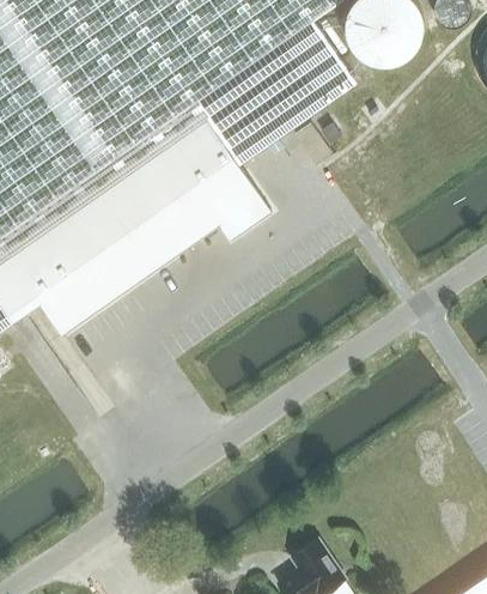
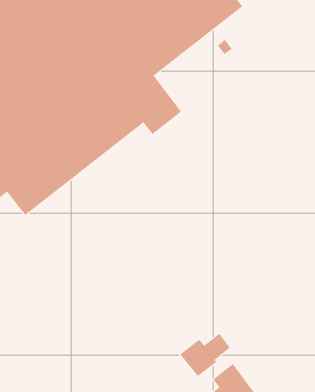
building: none -> [179,333,230,377]

